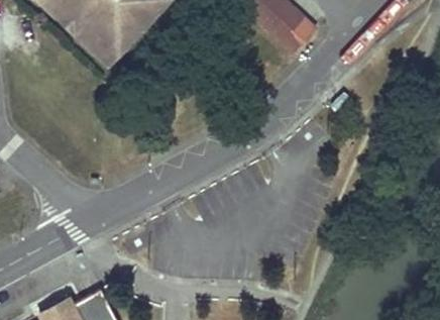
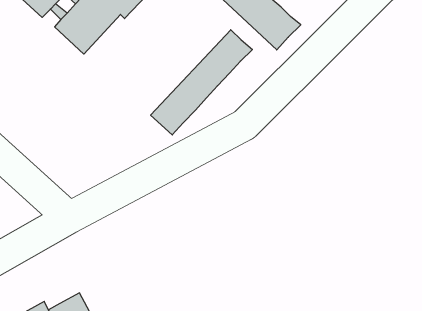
building: none -> [151,30,252,135]

